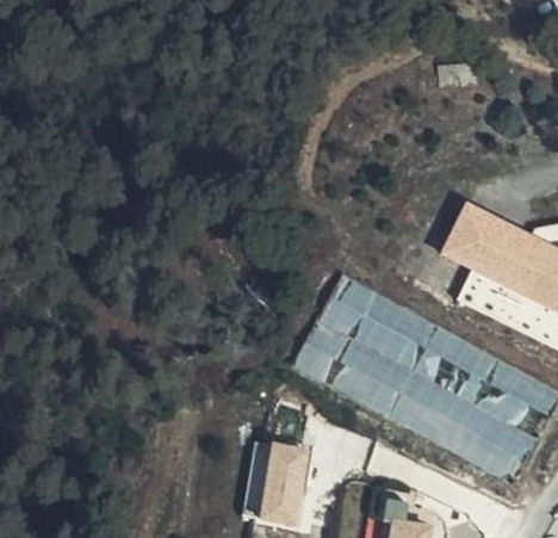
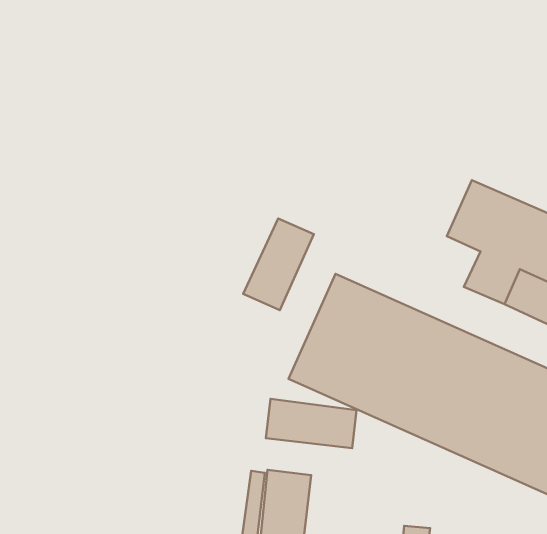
building: none -> [243,218,314,310]
building: none -> [266,399,357,448]

